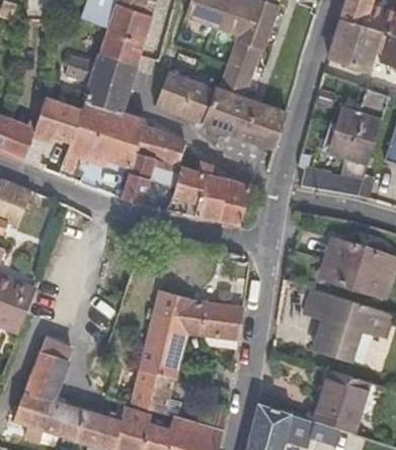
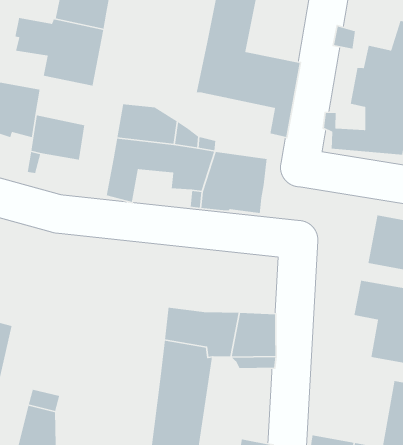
building: [155,69,215,125] -> none
building: [74,97,146,169] -> none

